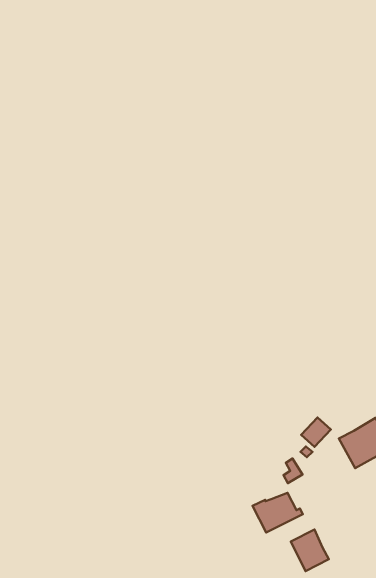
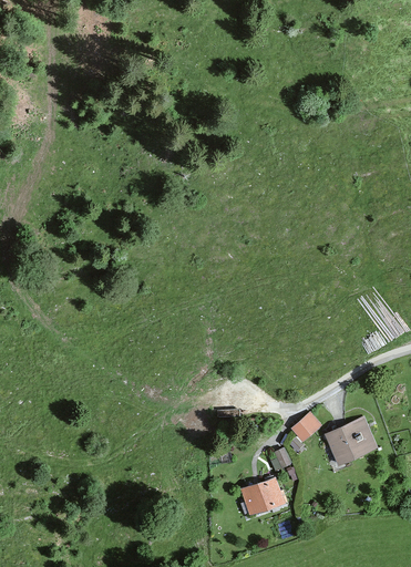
building: [291,530,329,571] -> none

